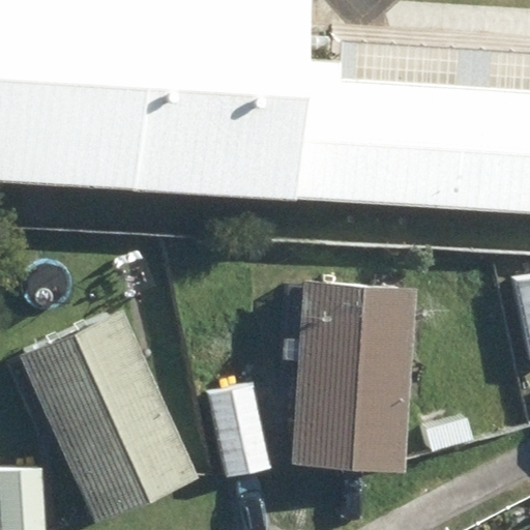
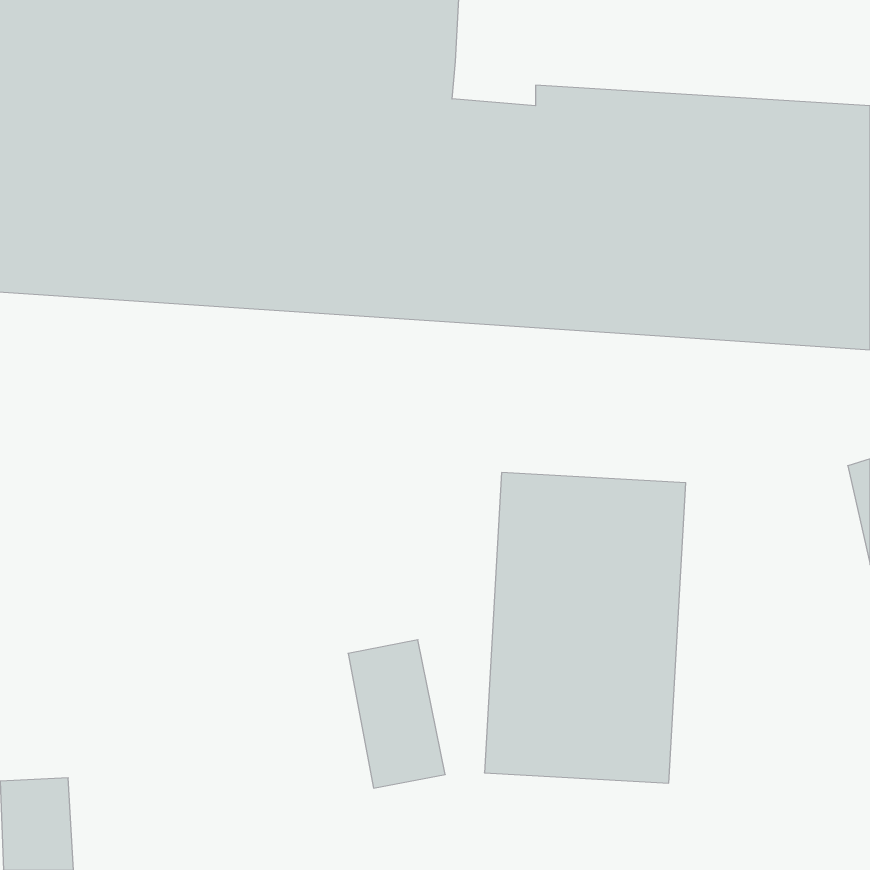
building: [21,313,197,524] -> none

